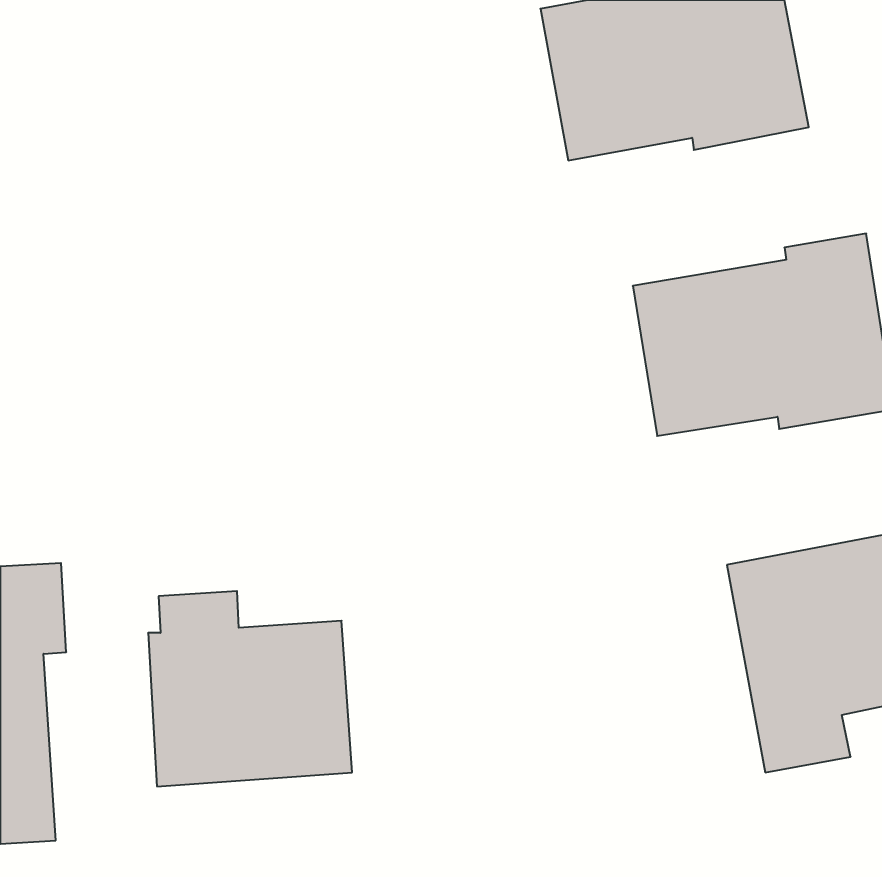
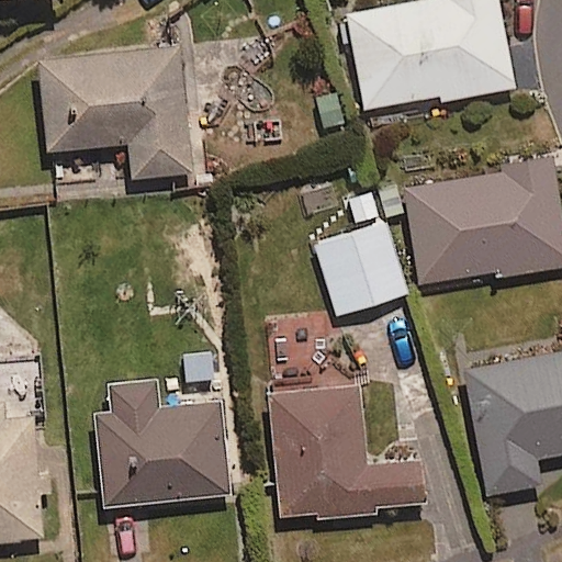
building: none -> [40,46,191,178]
building: none -> [315,191,406,315]
building: none -> [267,386,425,520]

